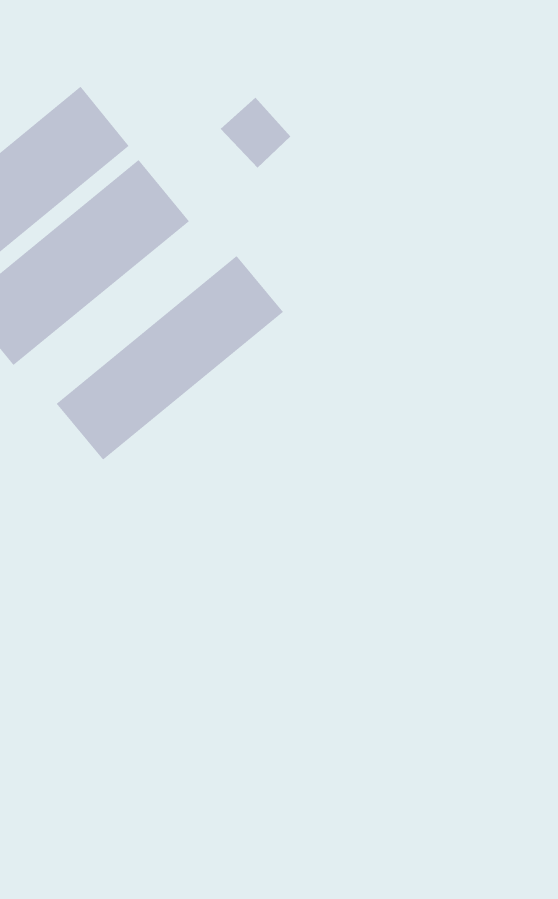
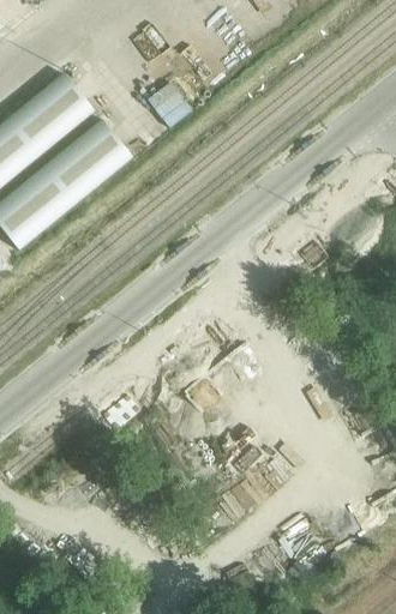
building: [56,255,284,461] -> none

